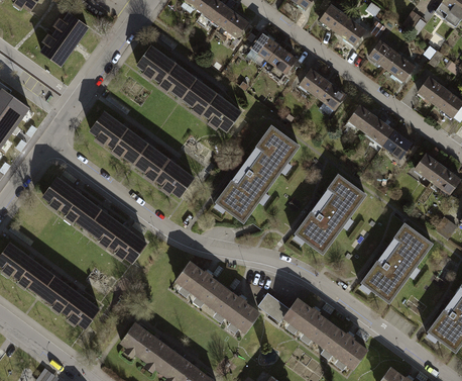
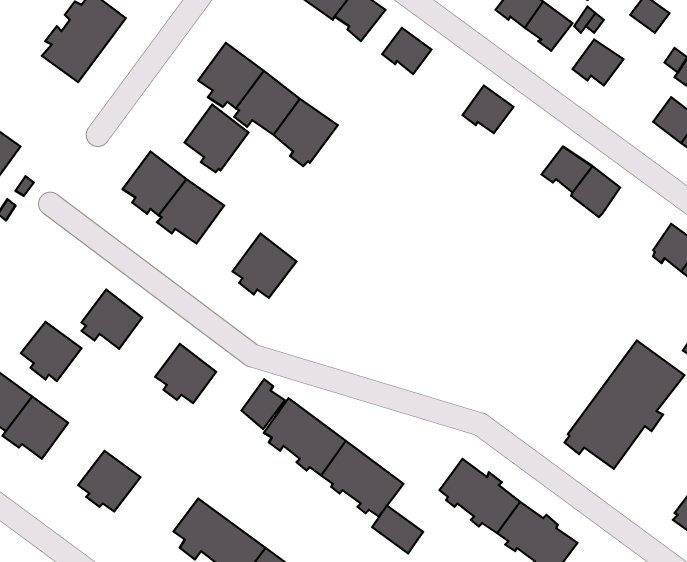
building: [266,45,296,76] -> none
building: [383,52,414,85] -> none
building: [316,81,346,112] -> none
building: [203,92,242,132] -> none
building: [214,126,300,222] -> none
building: [382,130,412,159] -> none
building: [133,141,172,183] -> [184,105,248,172]
building: [293,175,365,254] -> none
building: [40,177,78,213] -> [21,322,82,381]
building: [86,210,123,250] -> none
building: none -> [241,379,285,429]
building: [38,275,77,316] -> none
building: [256,293,287,322] -> [372,506,423,553]

